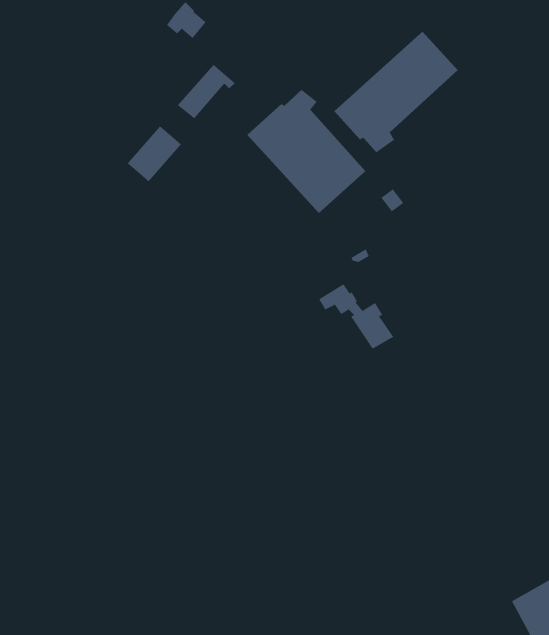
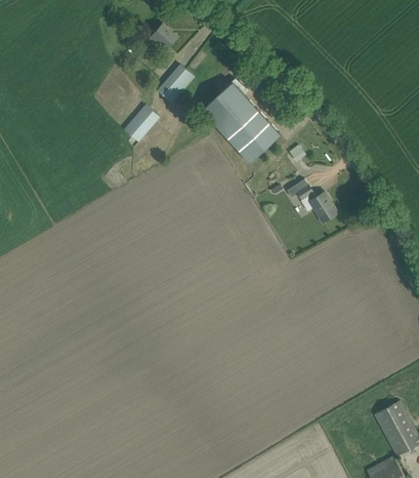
building: [333,31,459,153] -> none
building: [319,283,394,349] -> [287,180,336,223]

